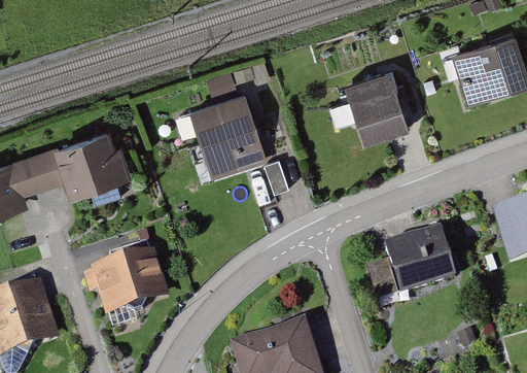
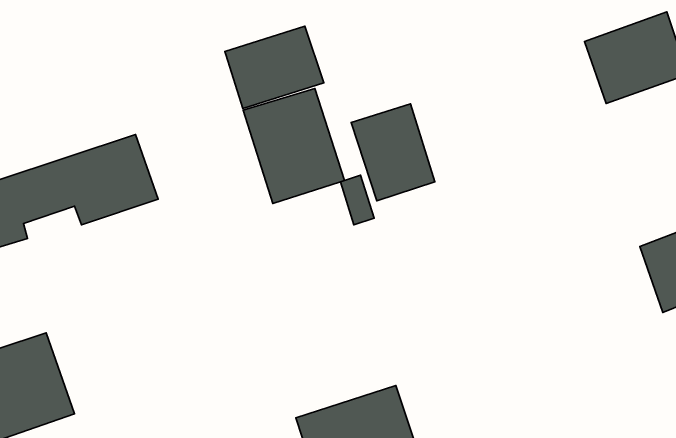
building: none -> [225,26,324,108]
building: [343,69,407,143] -> [351,104,435,201]
building: [382,229,455,298] -> none
building: [86,247,167,318] -> none

